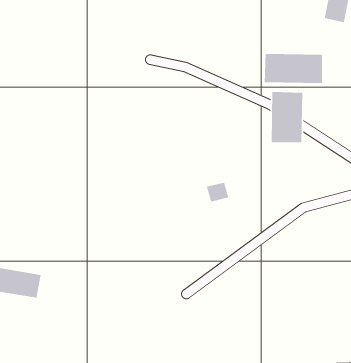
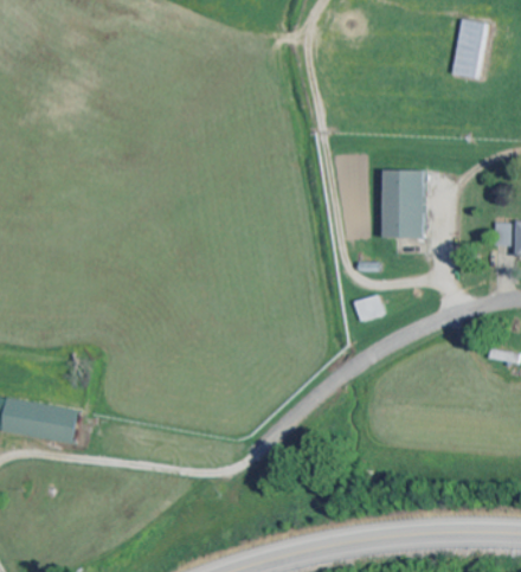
building: [264,53,323,84] -> none
building: [206,182,229,202] -> [353,295,384,322]

